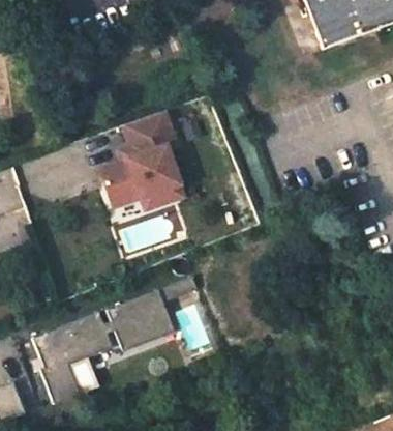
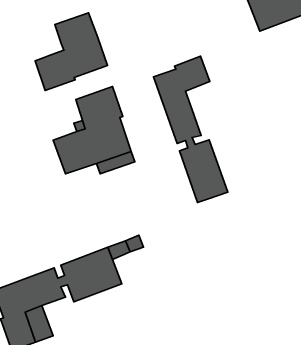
building: none -> [35,13,108,90]
building: none -> [153,56,228,203]

